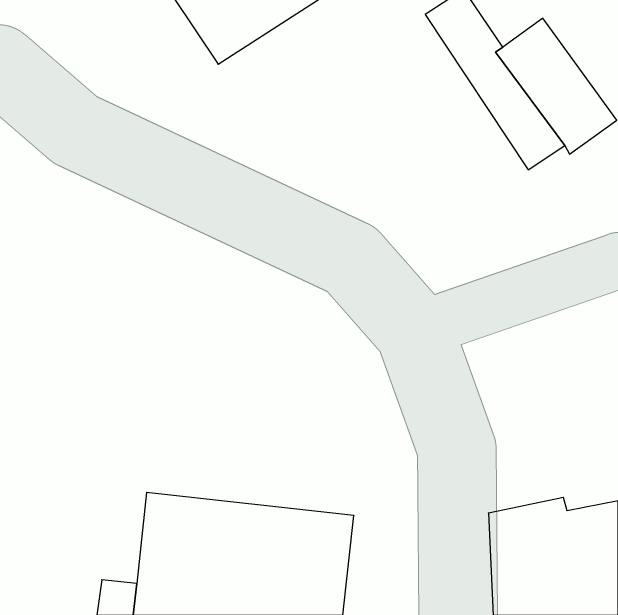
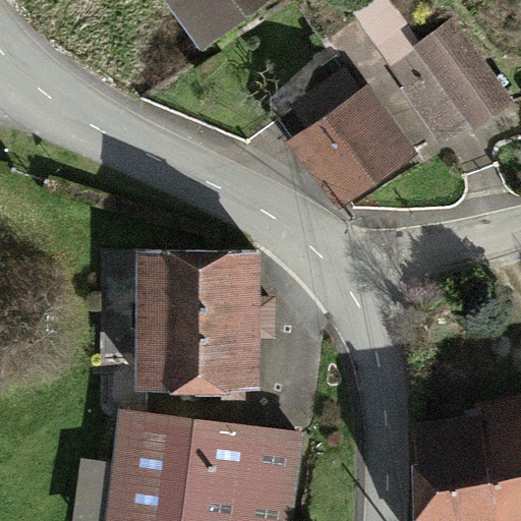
building: none -> [298,61,418,204]
building: none -> [136,264,271,406]

